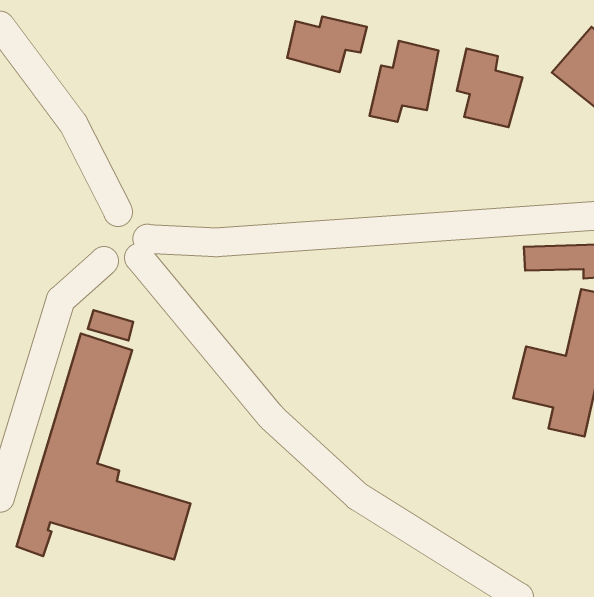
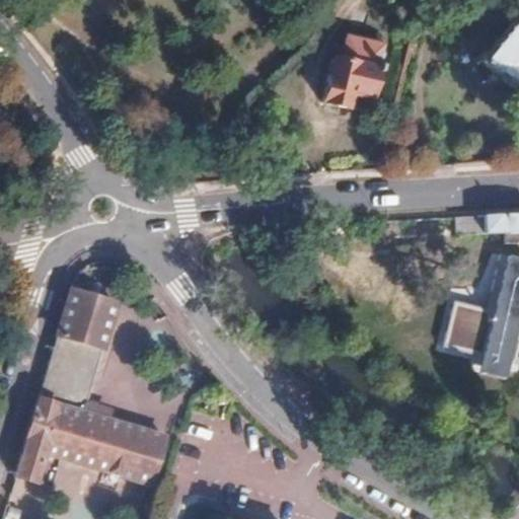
building: [287,17,367,72] -> none
building: [457,48,523,127] -> none

